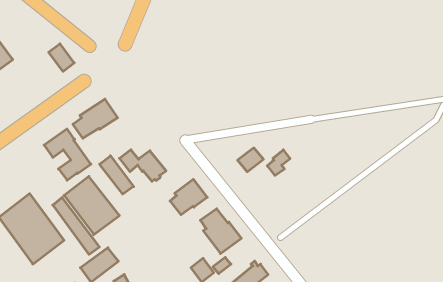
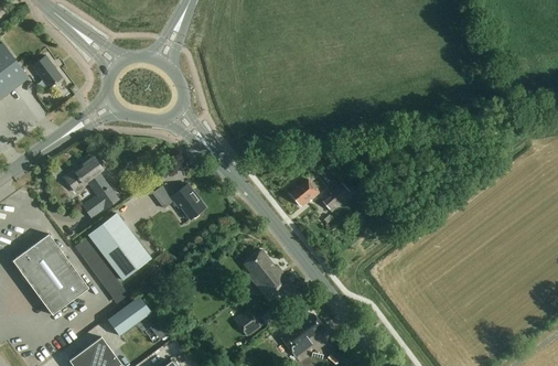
building: [49,44,74,71] -> [32,55,62,87]
building: [73,99,118,138] -> none
building: [100,156,134,194] -> none
building: [170,179,207,215] -> none

